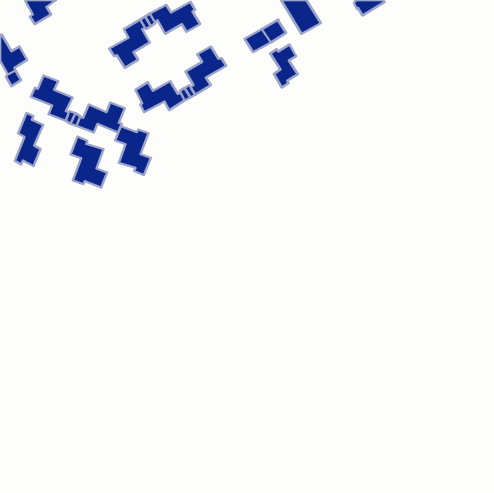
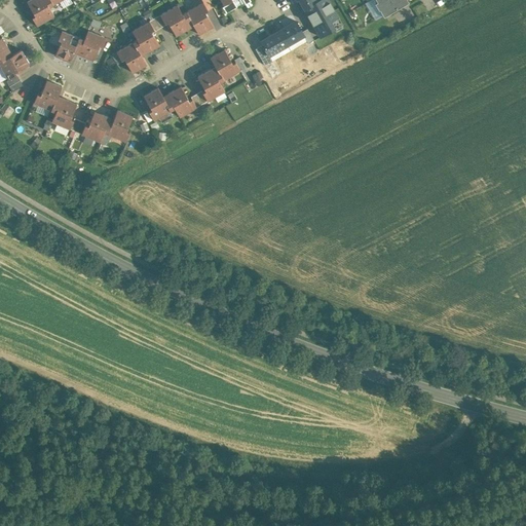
building: none -> [54,31,106,63]
building: [270,45,298,87] -> none
building: [15,113,43,166] -> none
building: [115,126,151,175] -> none
building: [70,137,107,187] -> none

